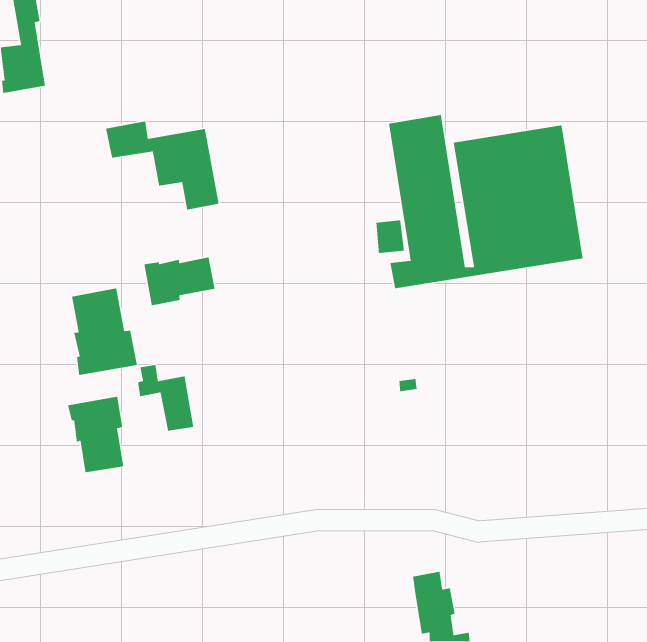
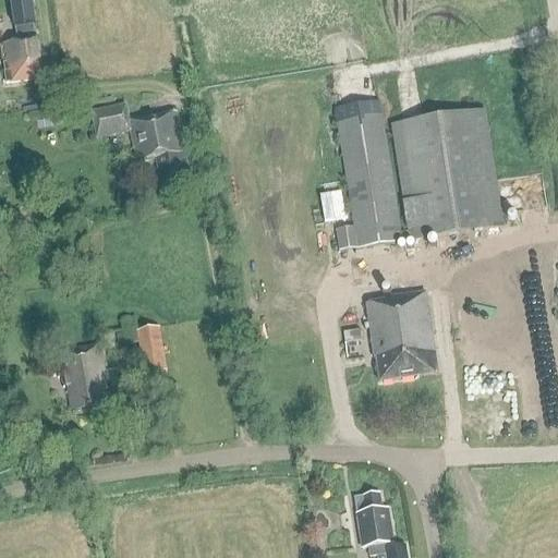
building: [143,257,216,306] -> none
building: [71,288,138,376] -> none
building: none -> [364,288,437,377]

